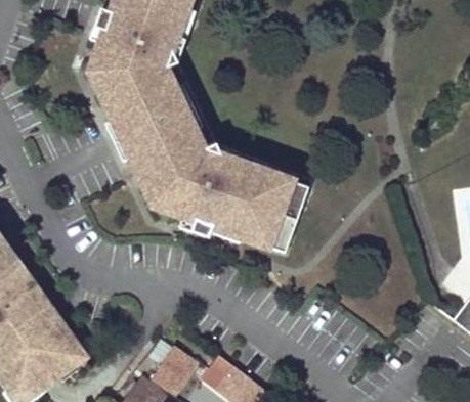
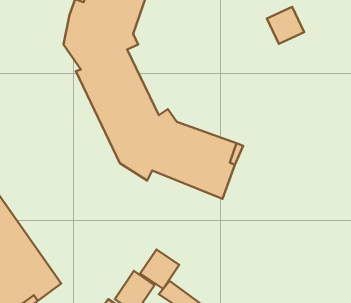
building: none -> [267,7,304,44]
building: none -> [140,249,179,289]

